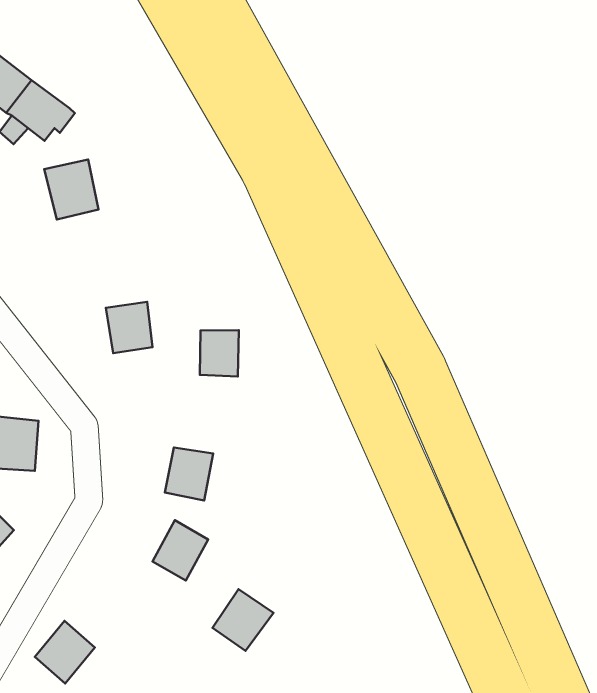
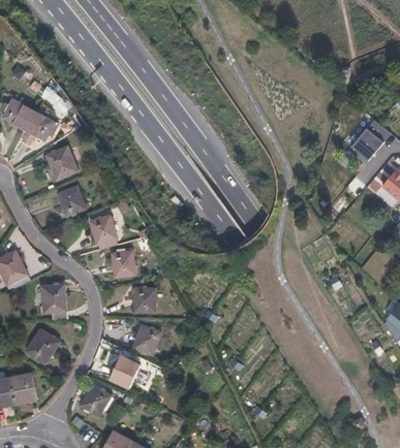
building: none -> [58,187,85,216]
building: [200,330,239,377] -> [112,250,134,276]
building: [213,589,273,651] -> [110,355,140,386]

